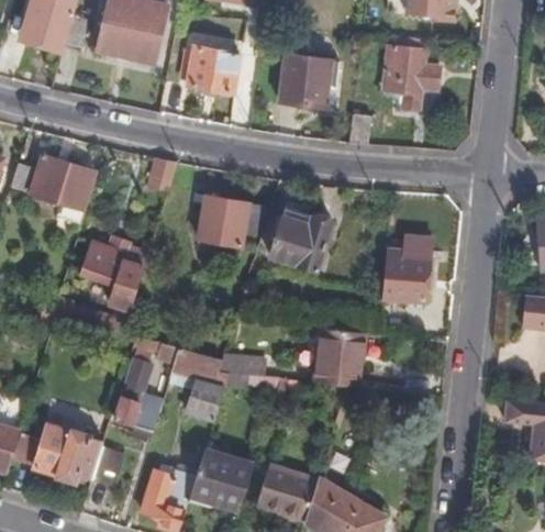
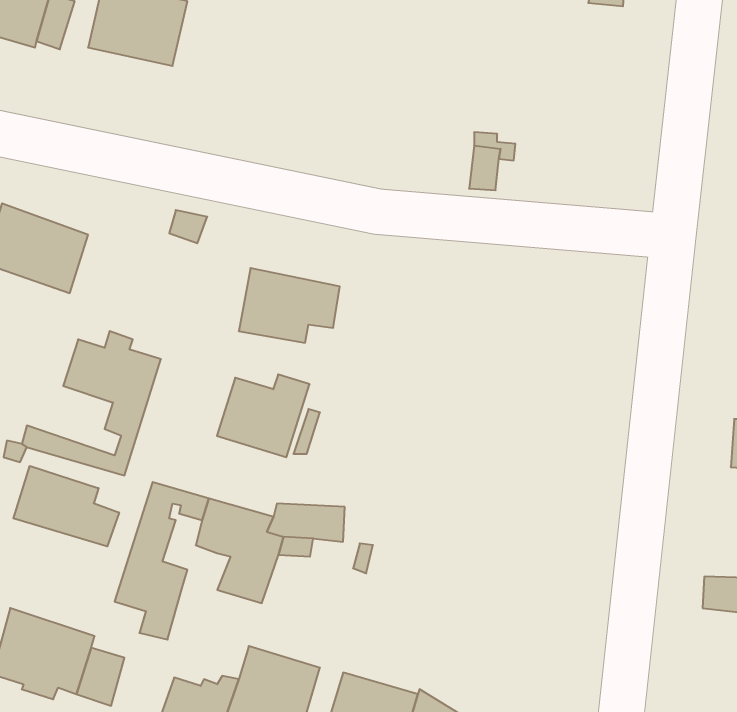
building: [385,44,438,109] -> none
building: [188,45,241,93] -> none
building: [280,55,337,108] -> none
building: [269,217,331,271] -> [217,374,310,457]
building: [383,234,432,301] -> none
building: [315,326,364,387] -> none
building: none -> [13,466,119,546]

